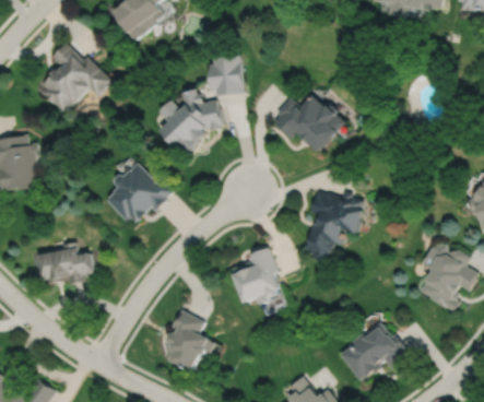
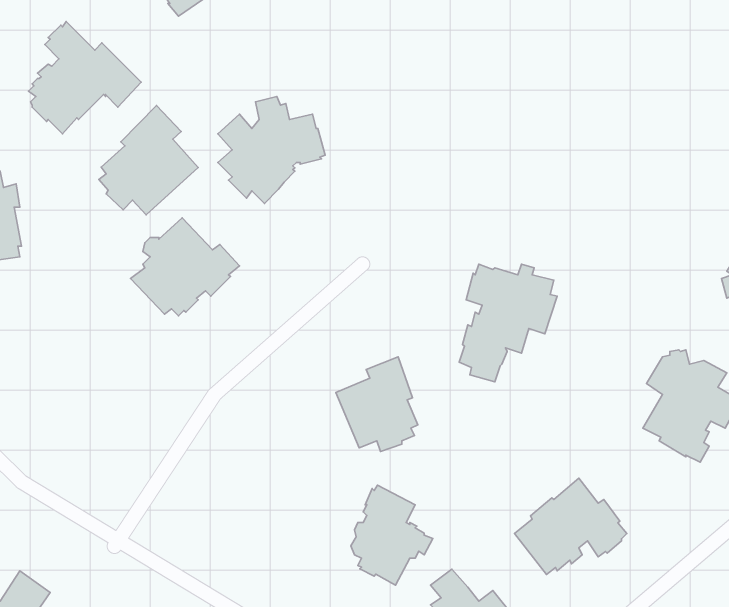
building: [208,54,244,95] -> none
building: none -> [99,106,198,215]
building: [274,94,345,151] -> none
building: [37,241,94,284] -> none
building: [165,310,215,371] -> [351,485,433,585]

